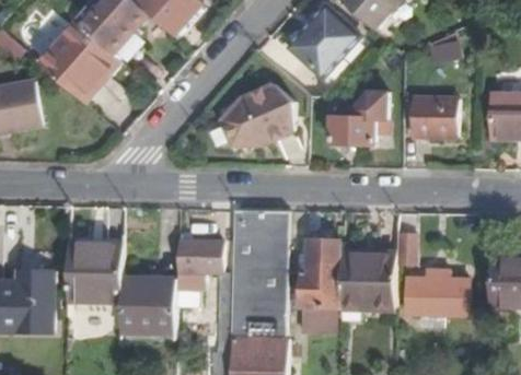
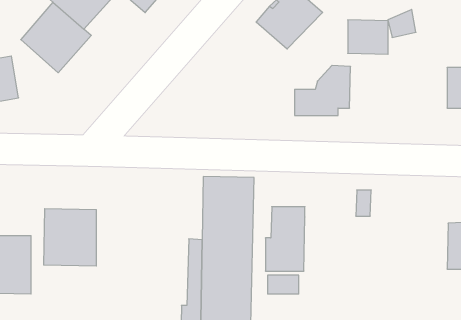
building: [216,81,296,143] -> none
building: [413,101,455,137] -> [348,20,388,54]
building: [176,242,222,272] -> none
building: [340,251,395,312] -> none
building: [406,270,467,327] -> none
building: [120,278,176,333] -> none

